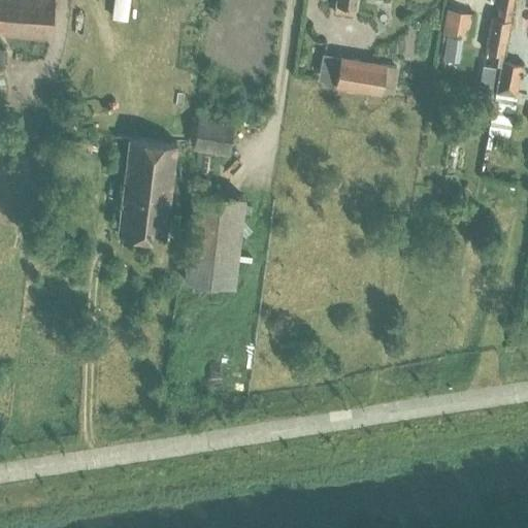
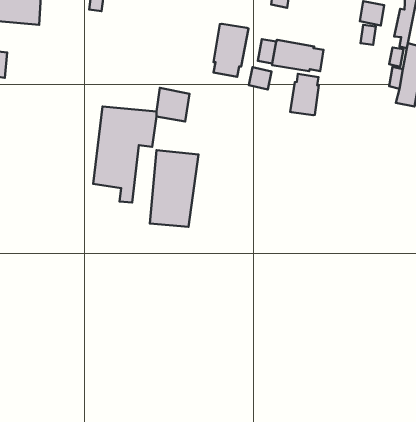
building: none -> [213,24,249,77]
building: none -> [249,67,271,90]
building: none -> [290,74,319,115]

